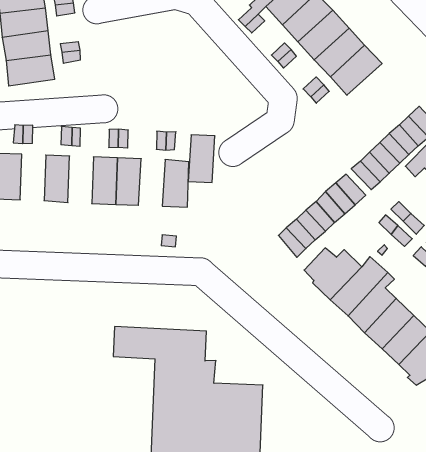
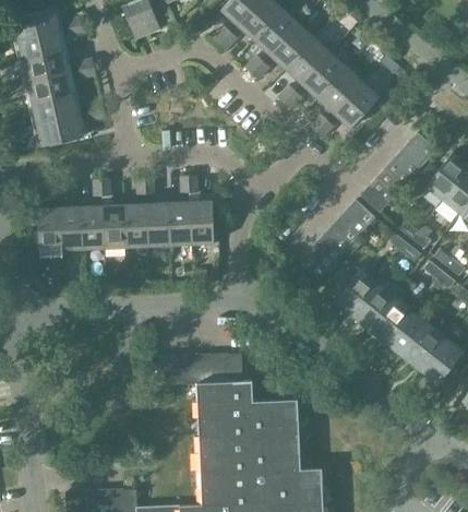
building: [188,135,215,182] -> [168,202,191,246]
building: none -> [59,207,83,250]
building: none -> [103,205,127,249]

